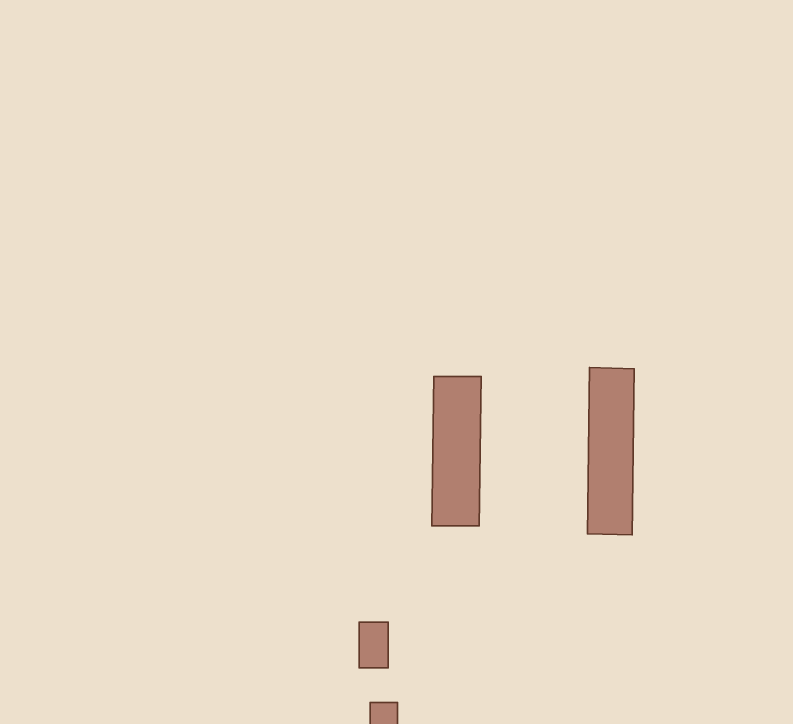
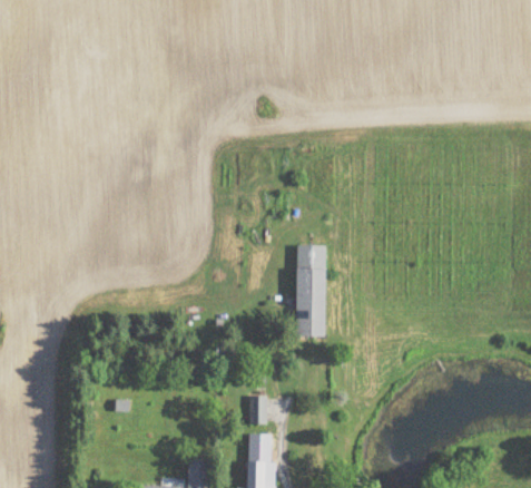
building: [587,368,634,535] -> none

